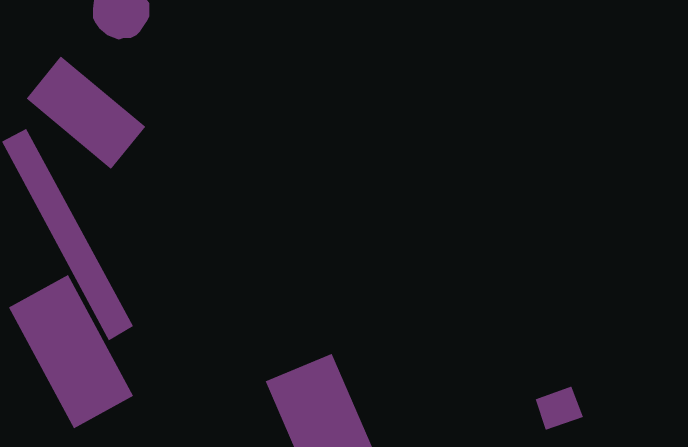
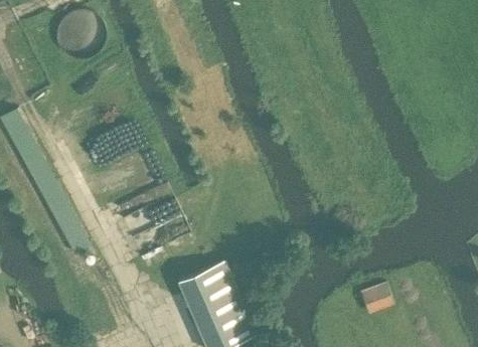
building: [26,56,146,170] -> none
building: [8,274,134,429] -> none

